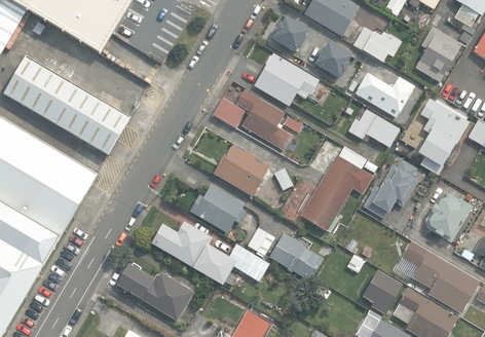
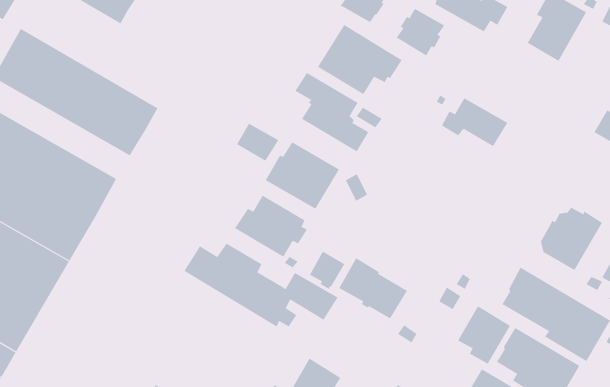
building: [353,72,414,117] -> none
building: [416,96,468,173] -> none
building: [213,98,246,127] -> [236,123,279,162]
building: [297,144,372,230] -> none
building: [362,158,418,219] -> none
building: [117,265,193,320] -> none

